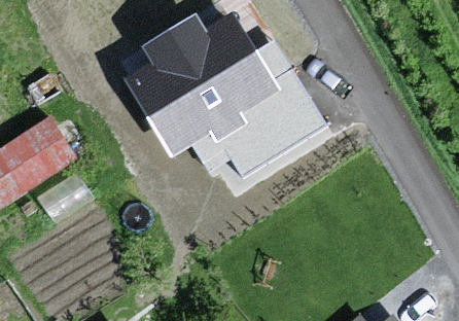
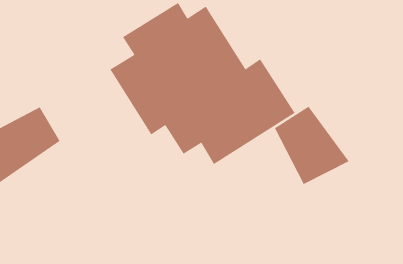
building: none -> [274,106,350,185]

